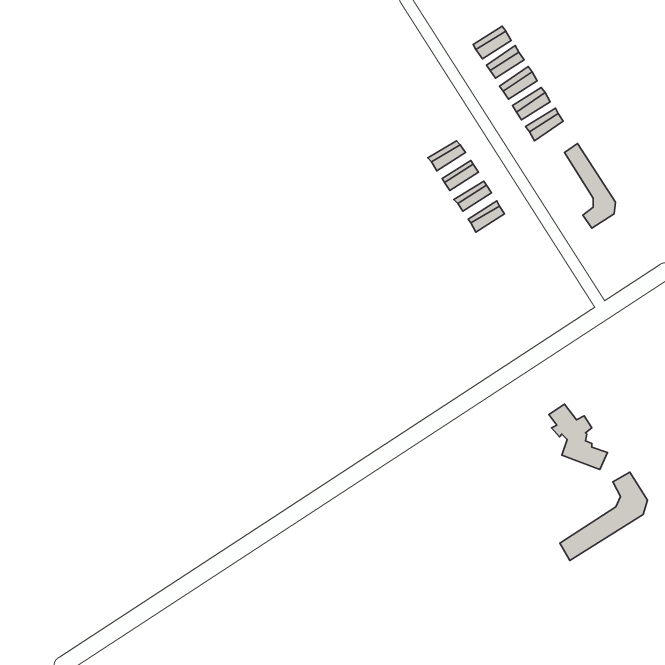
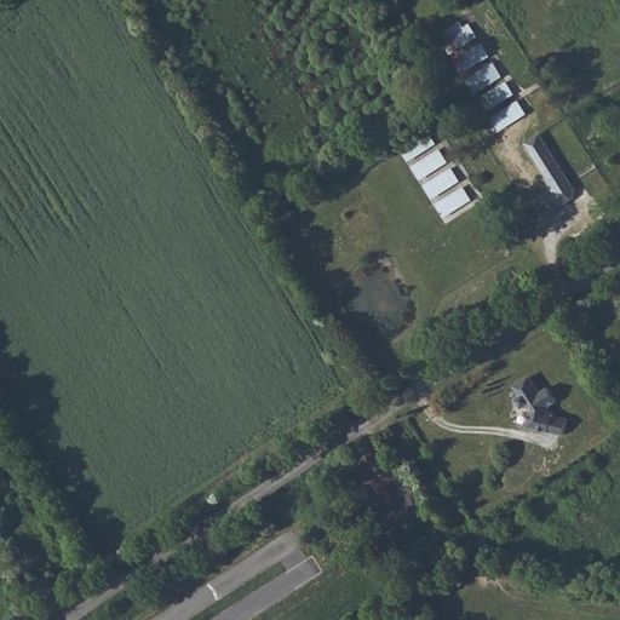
building: [560,472,648,561] -> none

